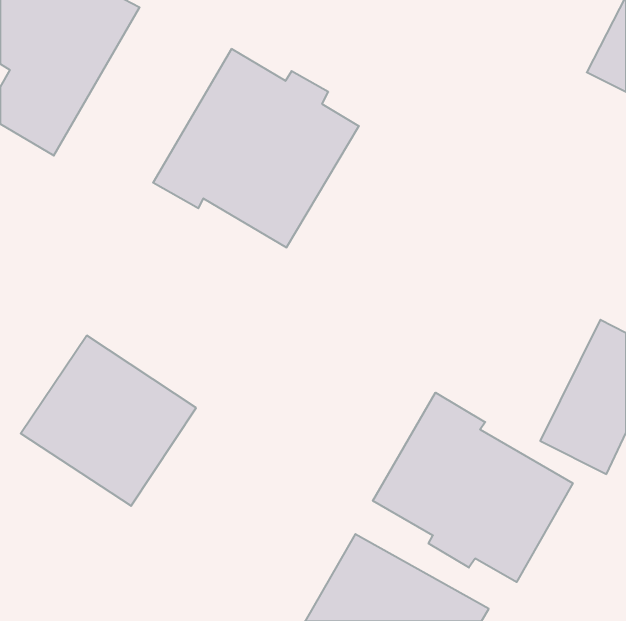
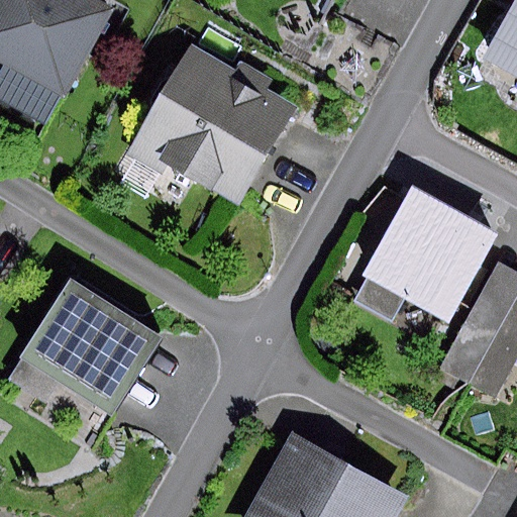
building: none -> [359,188,500,328]
building: [373,393,573,582] -> none

